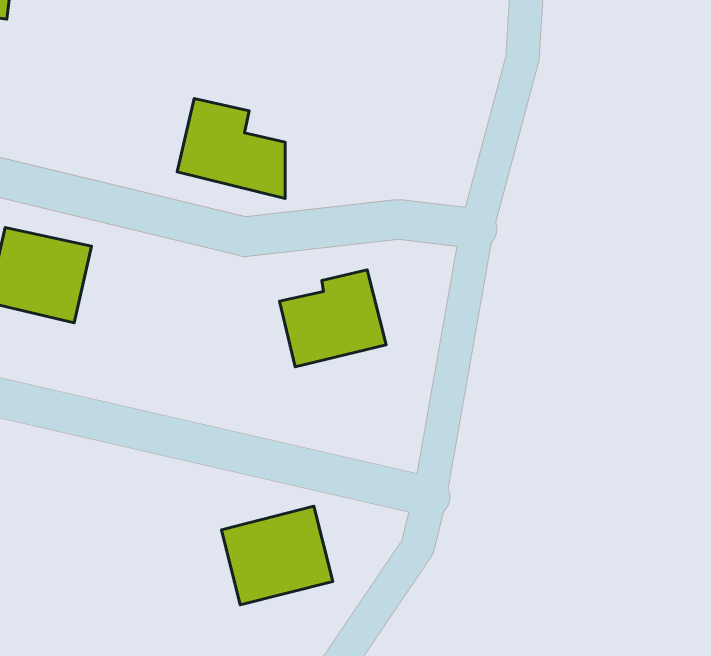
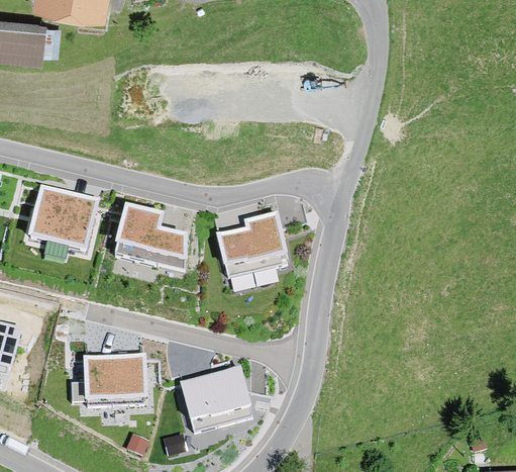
building: [177,98,285,199] -> [114,207,184,272]
building: none -> [84,356,145,405]

